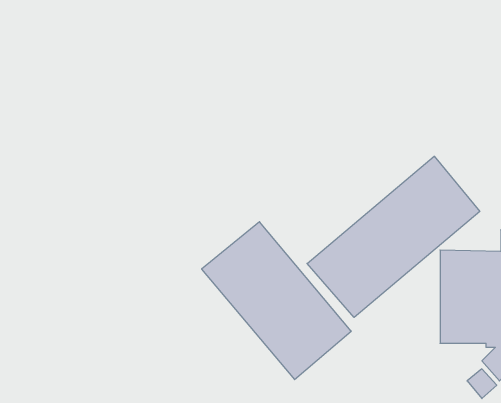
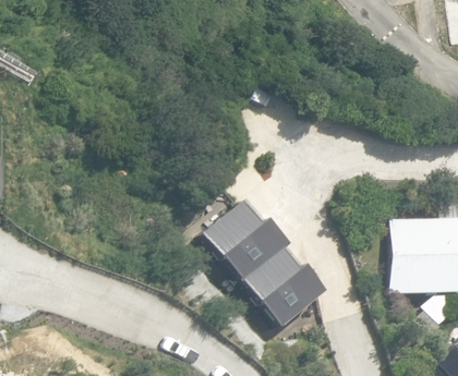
building: [307,156,480,317] -> none

